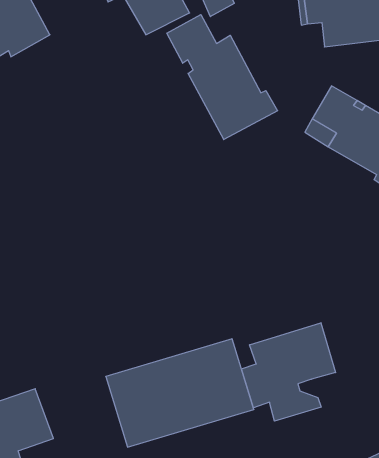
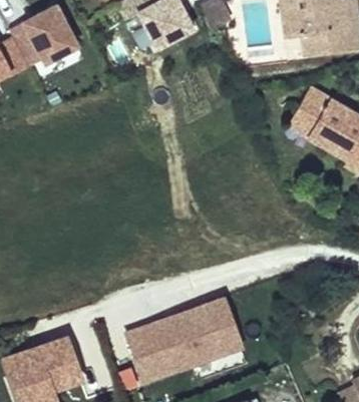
building: [167,15,278,140] -> none
building: [242,323,336,421] -> none

